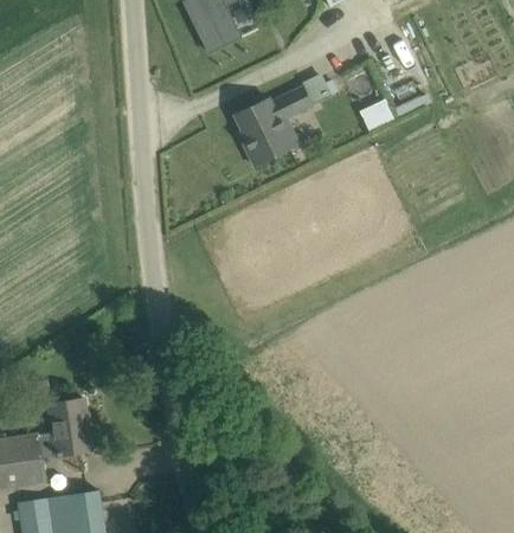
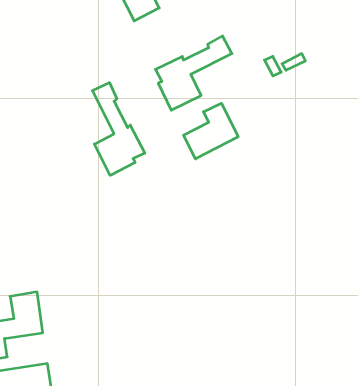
building: none -> [92,83,145,175]
building: none -> [184,103,238,159]

